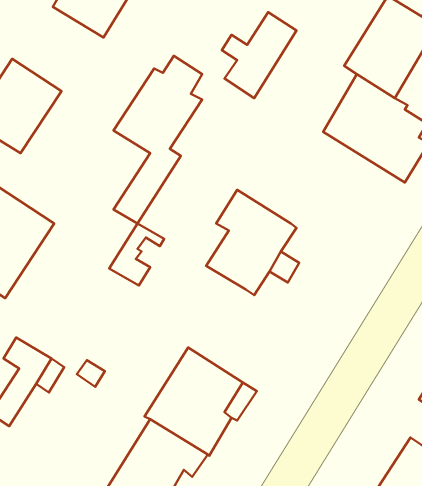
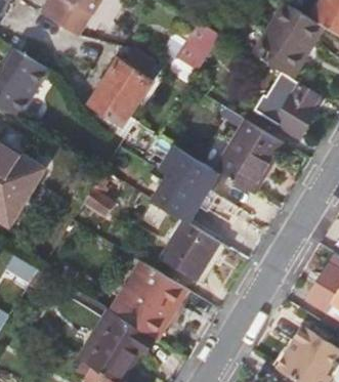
building: none -> [215,122,283,194]
building: none -> [158,219,224,285]

